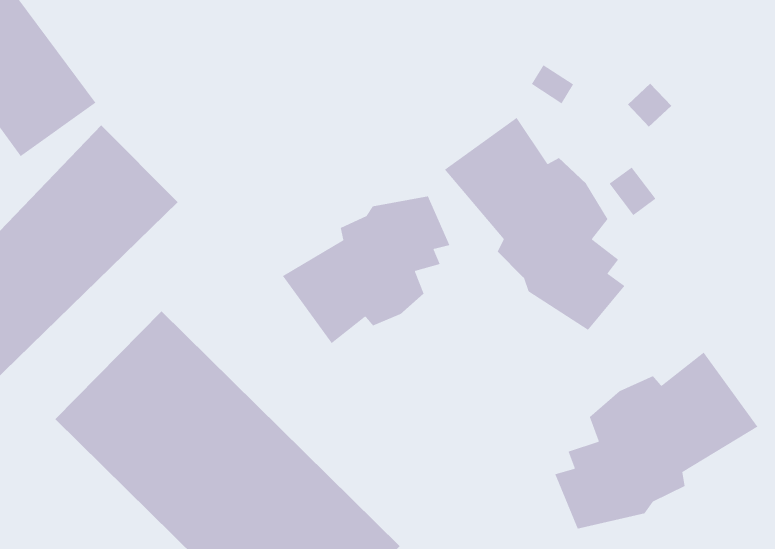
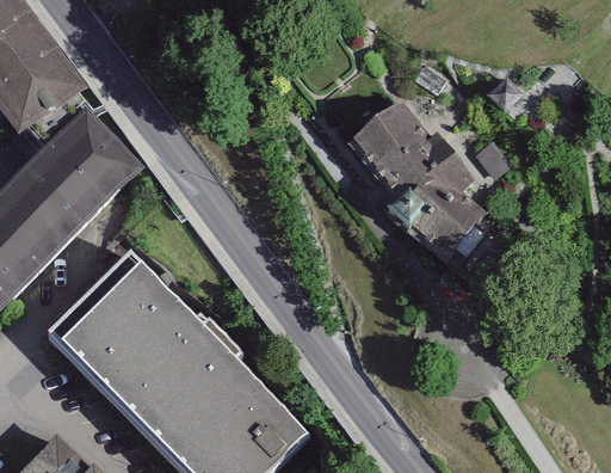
building: [282,196,451,344] -> none
building: [554,352,758,529] -> none

